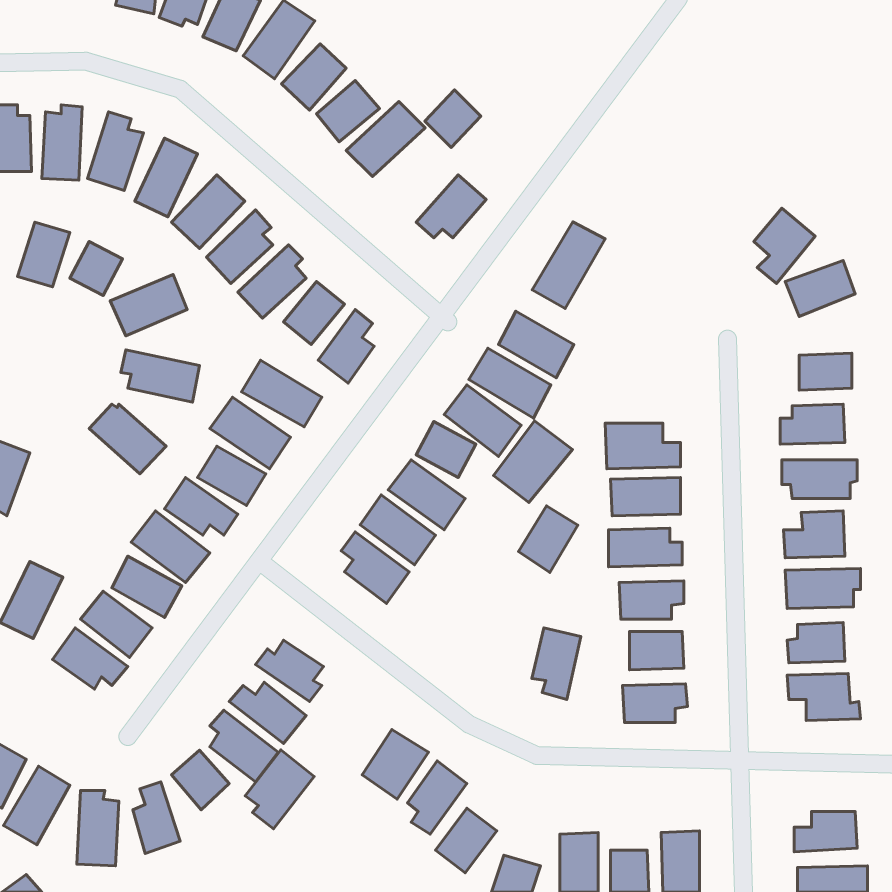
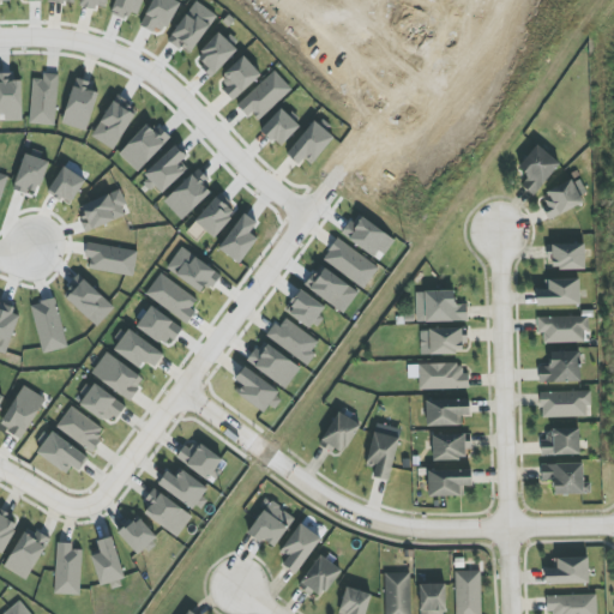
building: [425,90,481,148] -> [260,107,299,146]
building: [532,222,605,309] -> none
building: [494,421,572,503] -> none
building: none -> [31,299,65,351]
building: [519,506,578,572] -> [319,410,360,456]
building: [245,750,314,829] -> none

